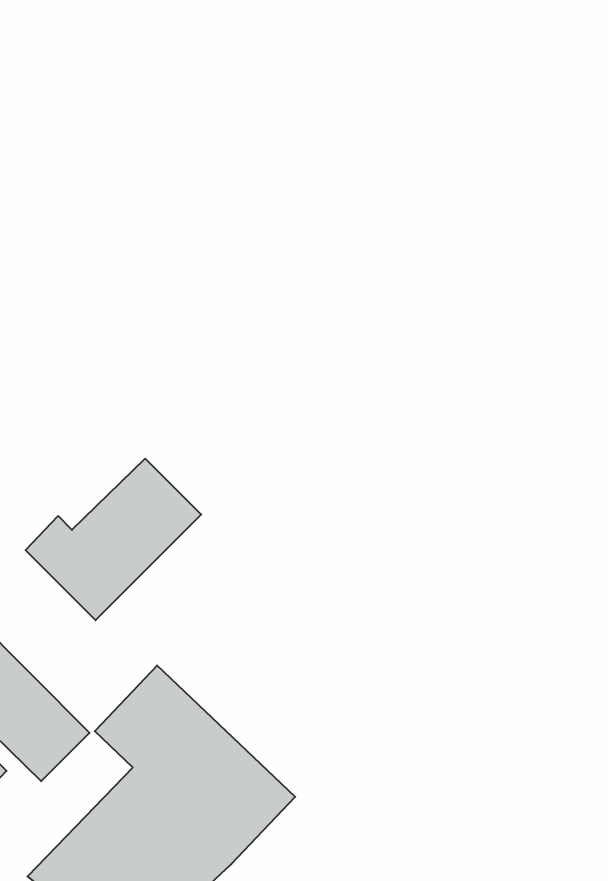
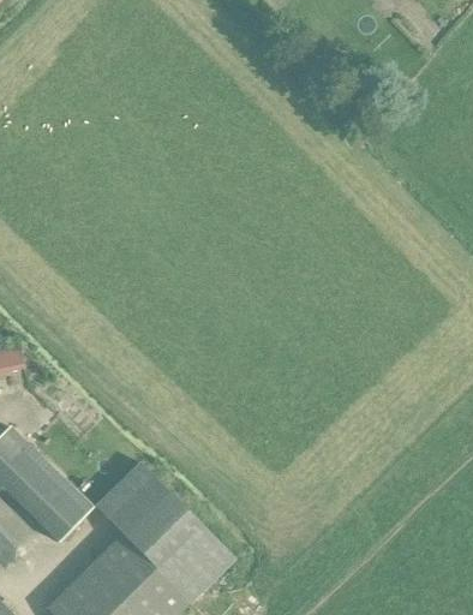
building: [26,459,201,620] -> none

